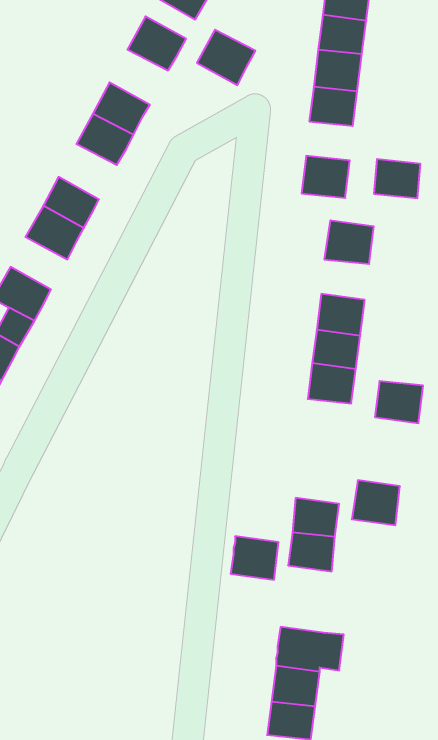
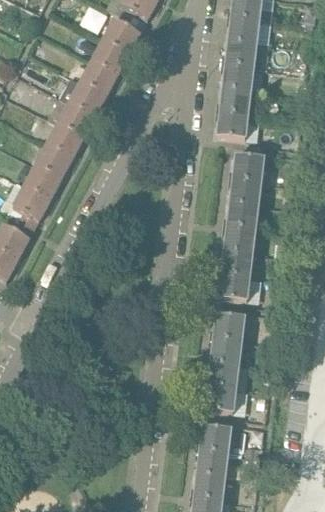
building: [197,30,255,85] -> [89,37,128,74]
building: none -> [55,100,94,137]
building: [374,159,420,198] -> [220,85,251,111]
building: none -> [23,162,61,197]
building: none -> [230,177,262,204]
building: [375,381,423,423] -> [218,270,250,298]
building: [352,480,400,525] -> [213,310,245,340]
building: [231,536,279,580] -> [205,381,237,410]

